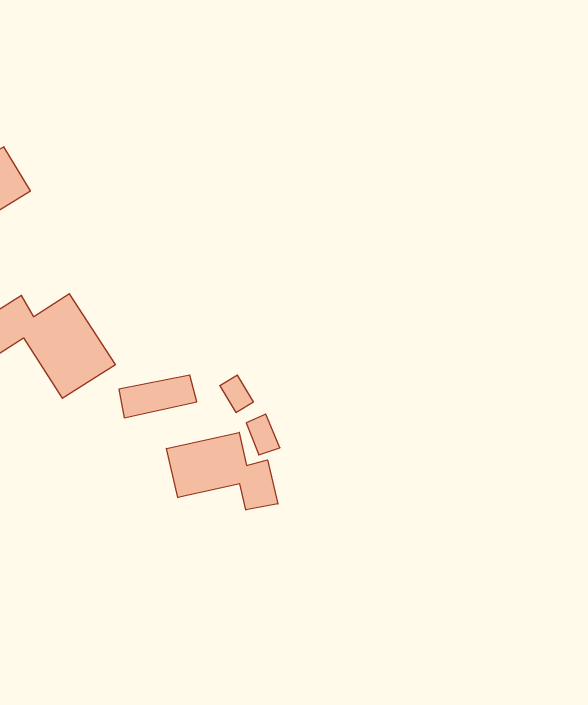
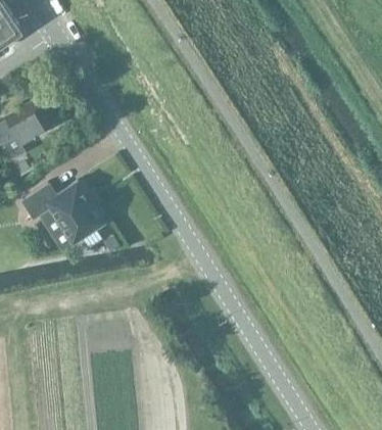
building: [166,432,278,510] -> none

